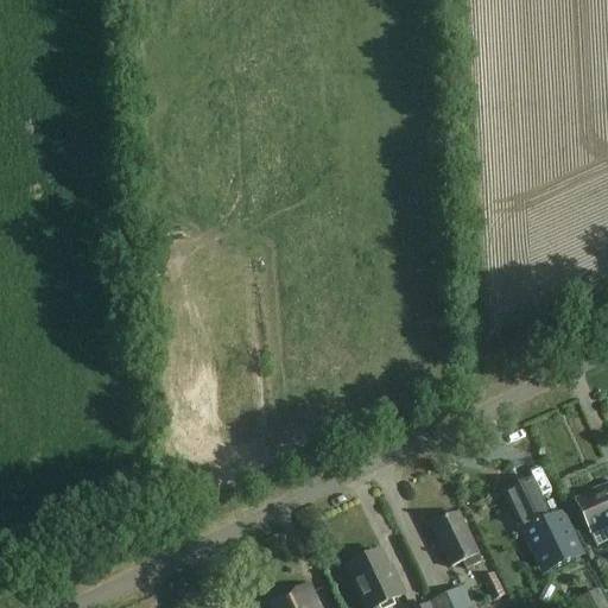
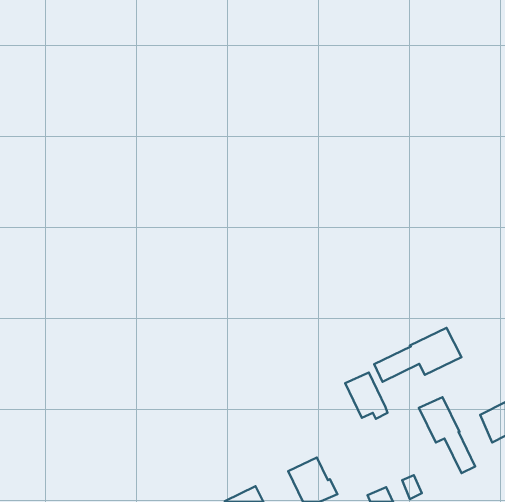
building: none -> [374,328,461,382]
building: [431,511,482,566] -> [345,372,388,419]

